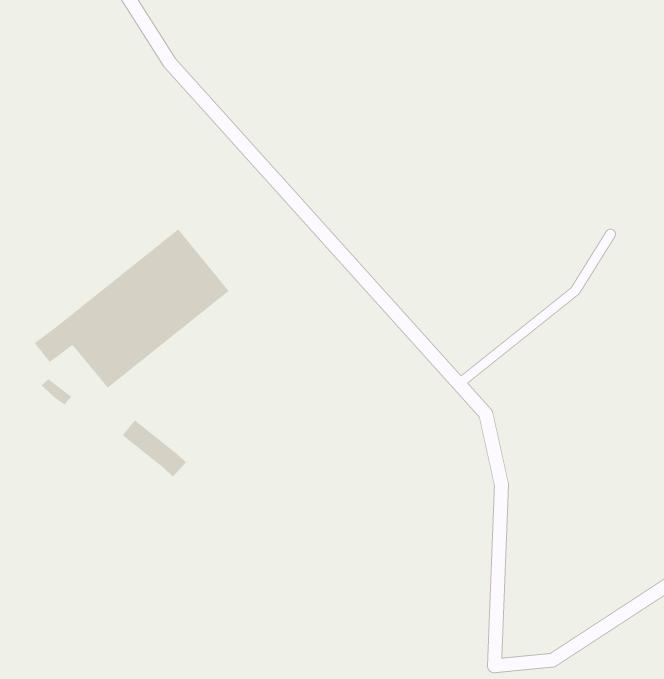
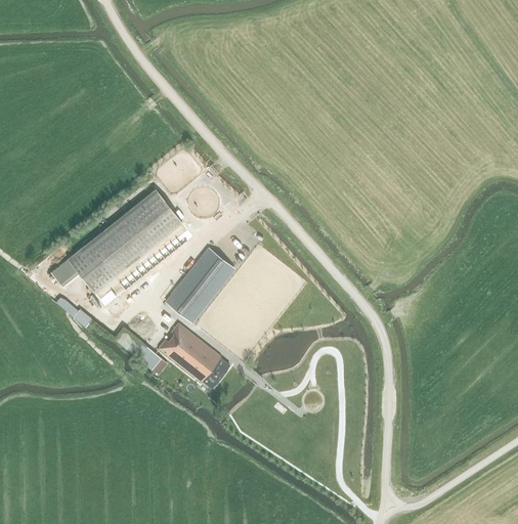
building: none -> [166,249,233,322]
building: none -> [159,323,229,389]

